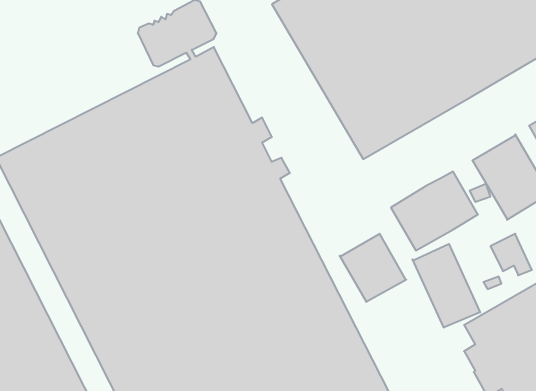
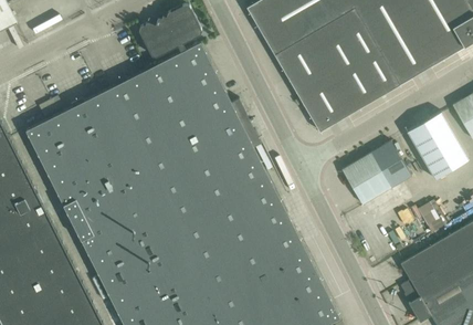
building: [340,234,406,302] -> none
building: [412,244,480,328] -> none

